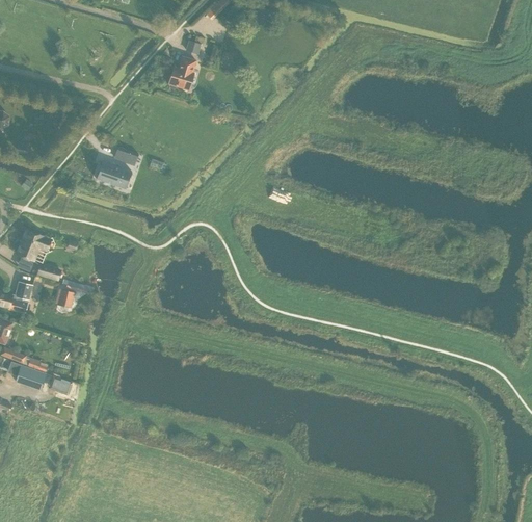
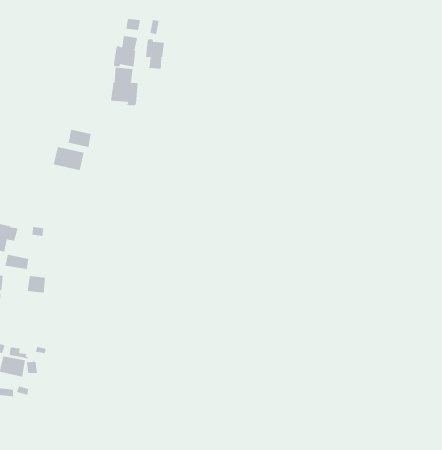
building: none -> [146,38,165,70]
building: none -> [111,67,138,106]

